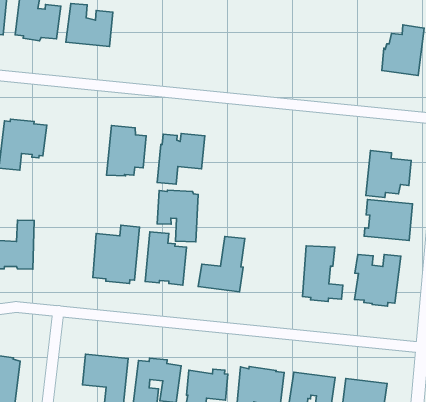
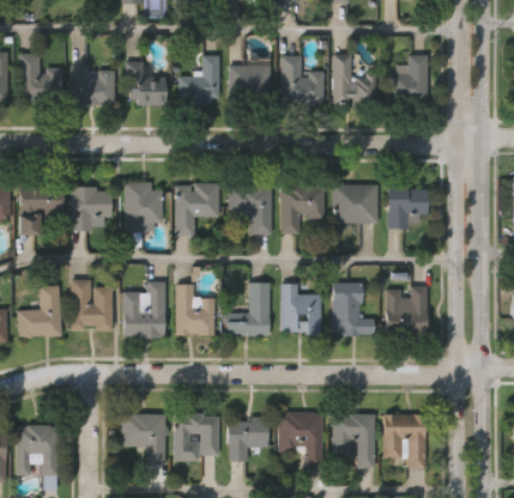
building: none -> [127,60,167,105]
building: none -> [180,54,222,104]
building: none -> [283,54,326,105]
building: none -> [334,54,376,104]
building: none -> [231,65,272,103]
building: none -> [71,188,111,230]
building: none -> [282,184,325,235]
building: [157,190,198,242] -> [231,184,273,236]
building: [364,199,413,240] -> [333,186,379,223]
building: none -> [71,280,111,330]
building: none -> [279,284,320,335]

